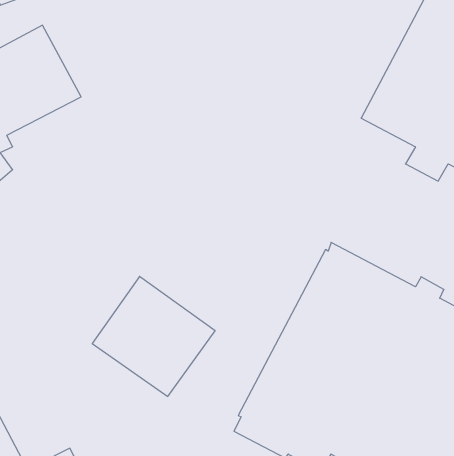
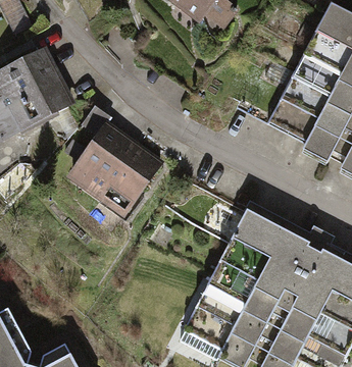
building: [92,276,215,396] -> [72,125,160,211]

